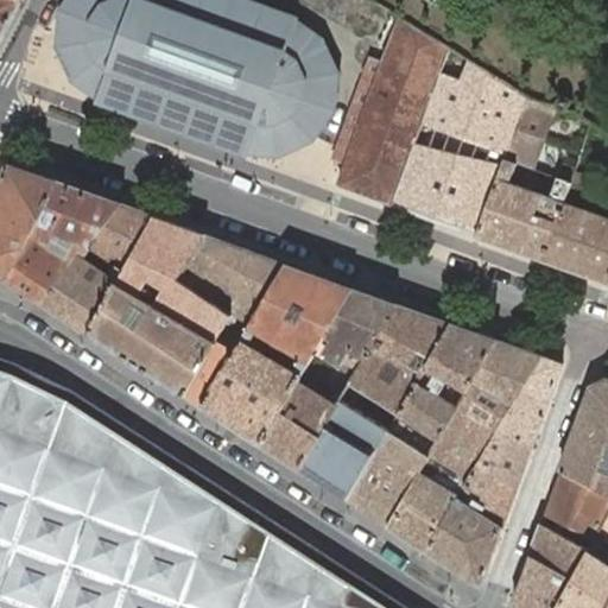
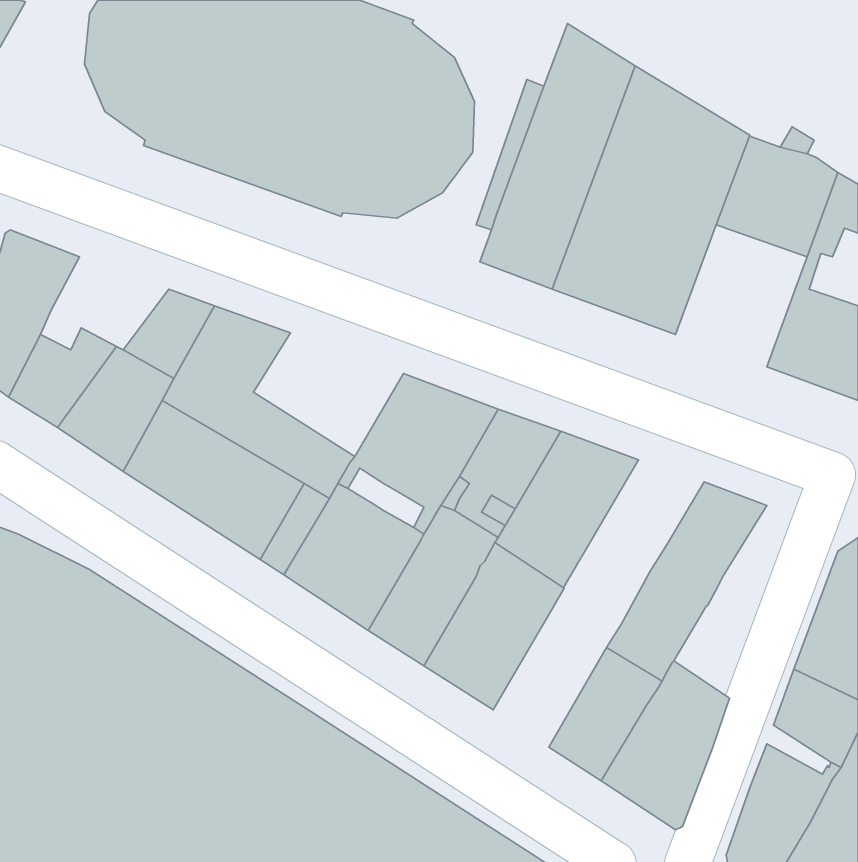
building: [475,159,568,259] -> none
building: [36,182,119,247] -> none
building: [178,235,284,322] -> none
building: [397,324,495,439] -> none
building: [474,356,560,492] -> none
building: [347,431,426,526] -> none

